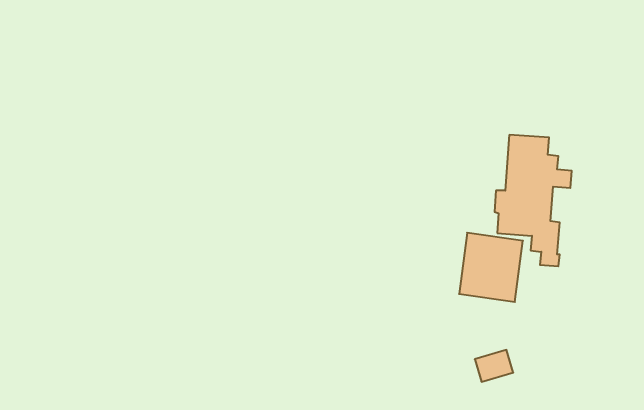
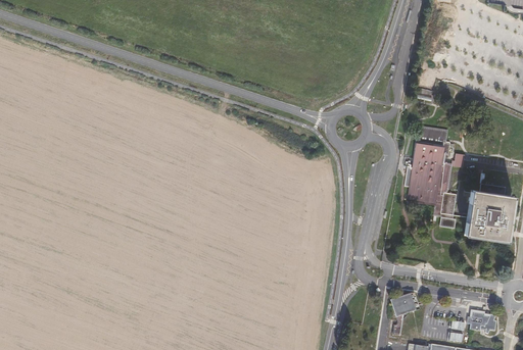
building: [459,233,523,302] -> [465,189,514,242]
building: none -> [469,310,497,332]

